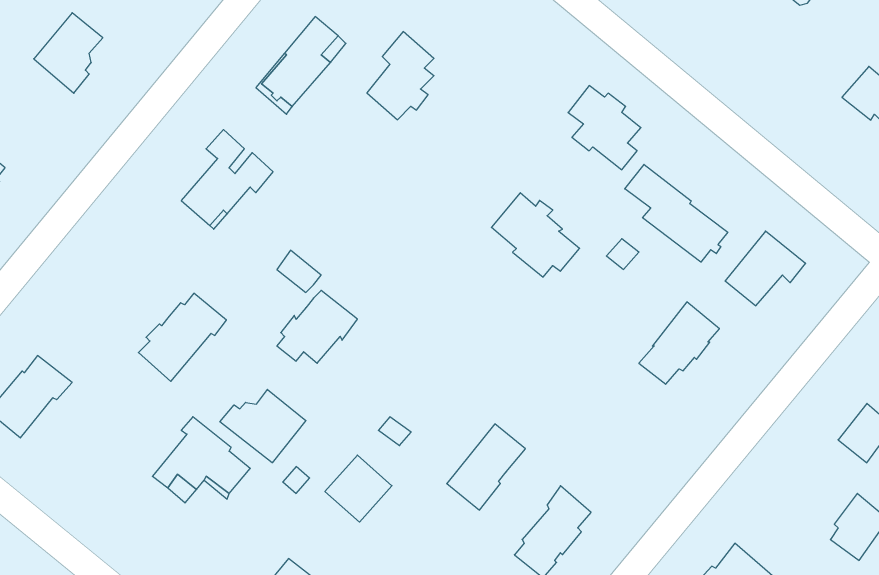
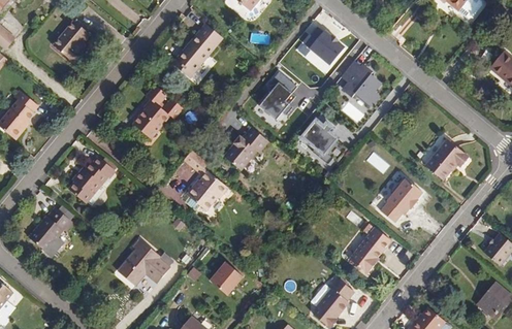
building: none -> [303,27,344,64]
building: [367,32,434,120] -> [259,72,295,120]
building: [625,164,728,262] -> none
building: none -> [223,127,267,170]
building: [138,293,226,381] -> [67,156,115,203]
building: [220,389,306,463] -> none
building: [447,424,525,510] -> [349,226,391,272]

